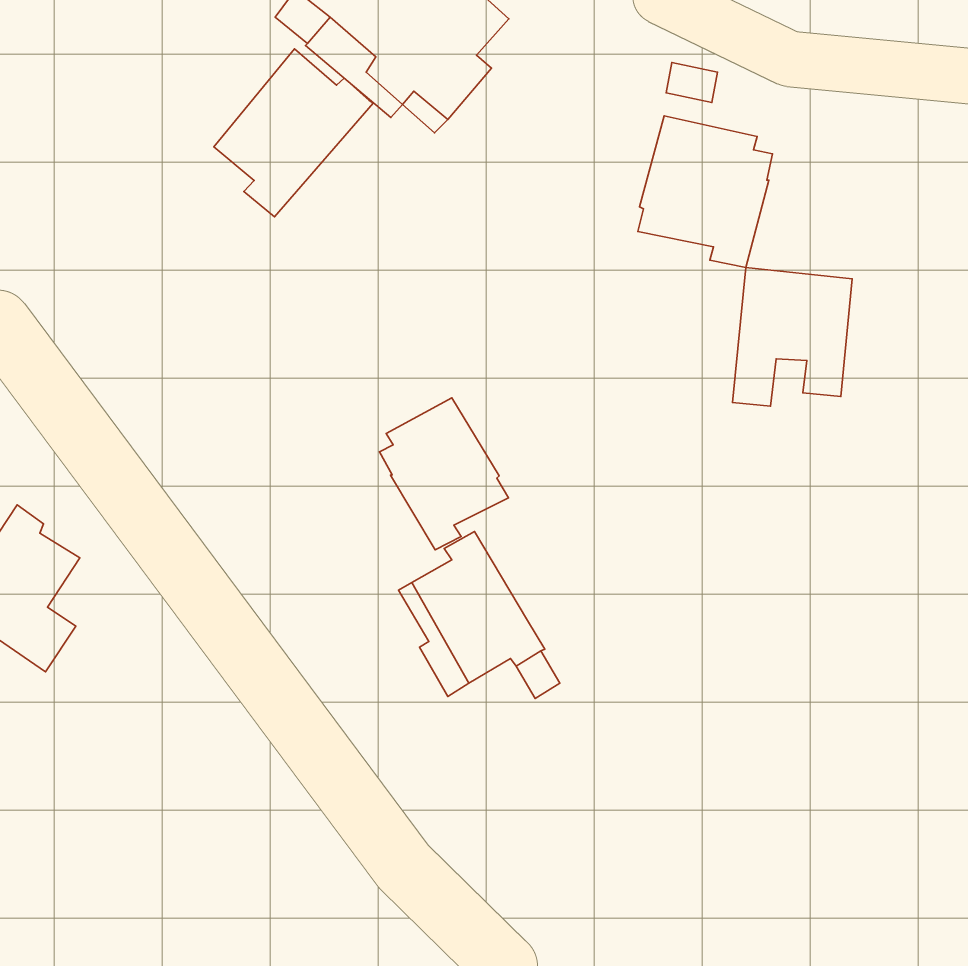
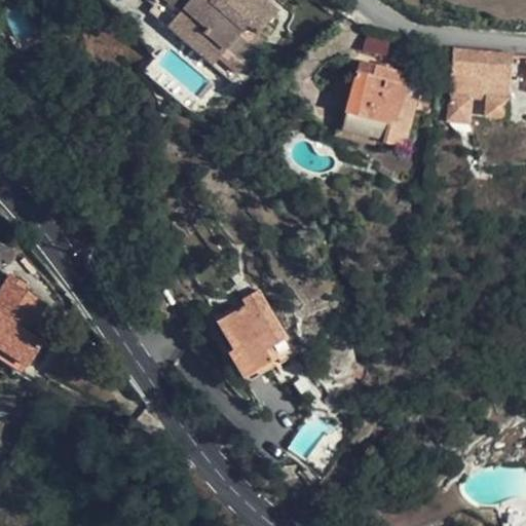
building: [214,49,373,217] -> none
building: [733,268,852,406] -> [447,47,512,122]
building: [380,398,508,550] -> none

